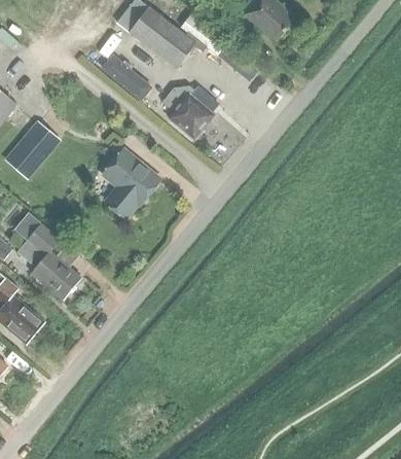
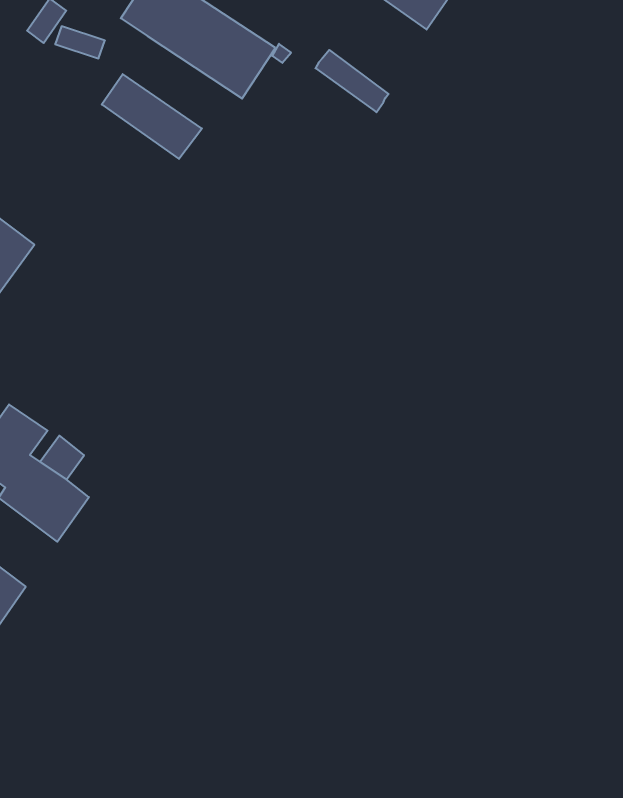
building: [161,87,213,137] -> none
building: [103,148,160,216] -> none

